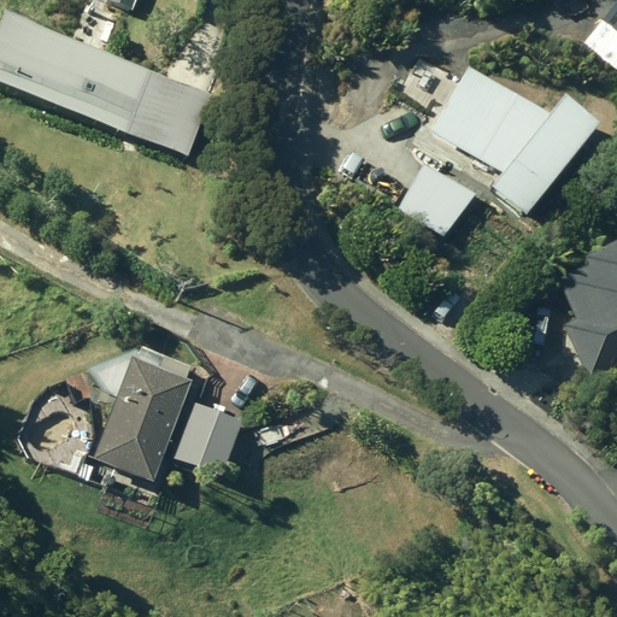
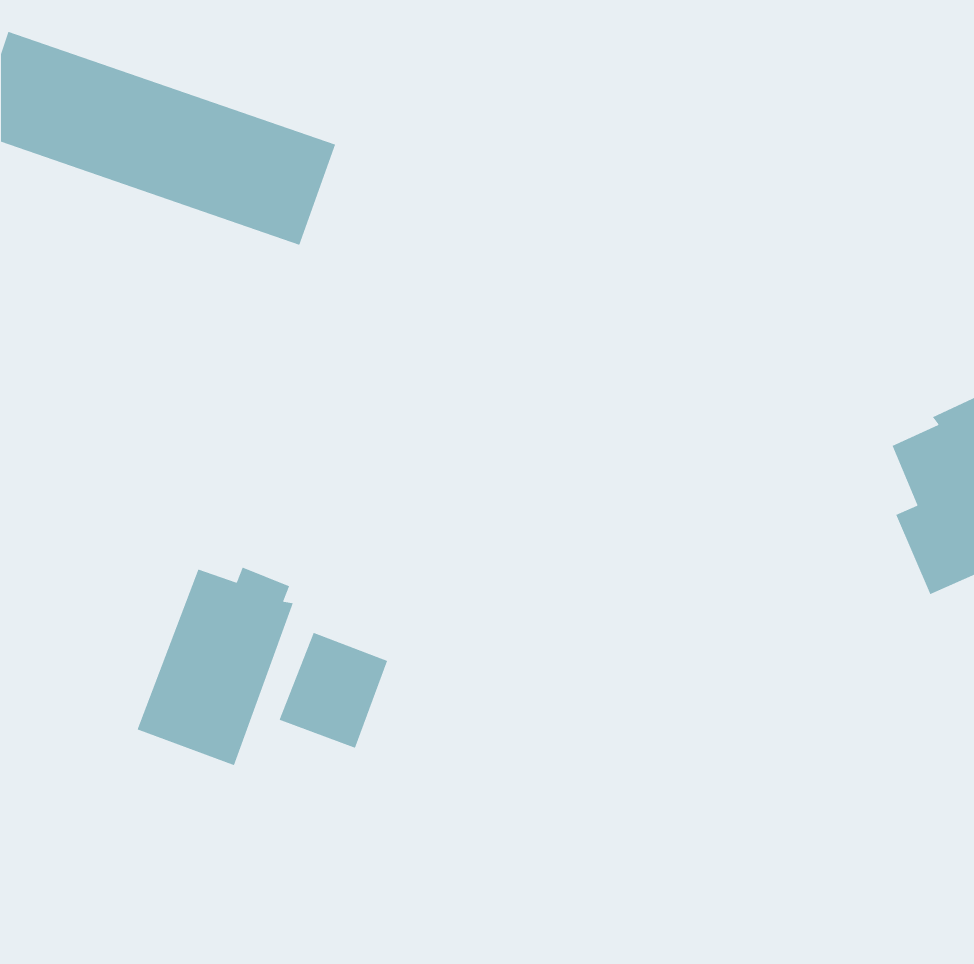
building: [433,70,593,207] -> none
building: [396,163,476,236] -> none

